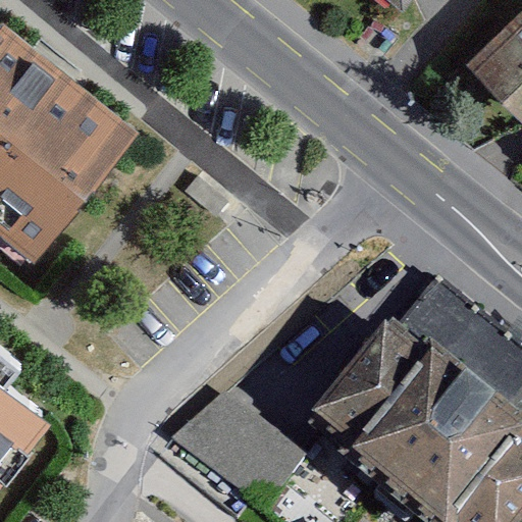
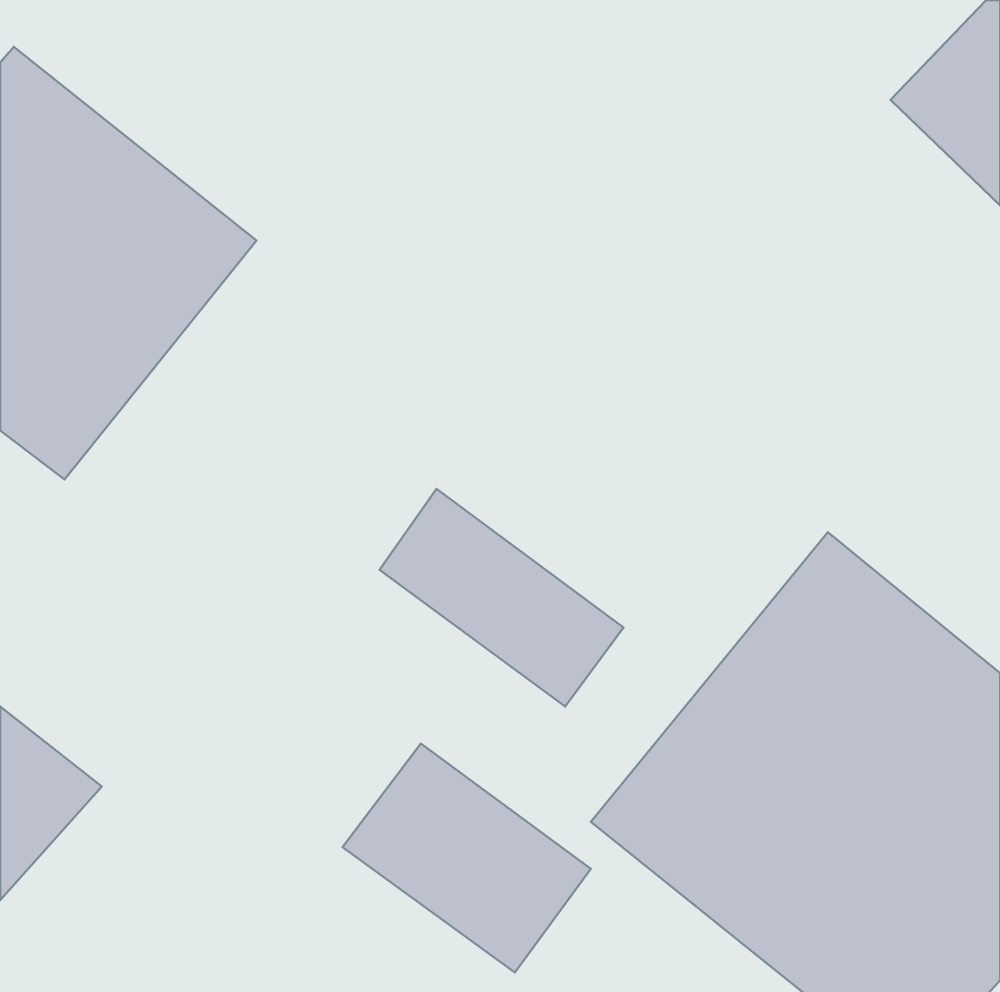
building: none -> [379,489,623,706]

